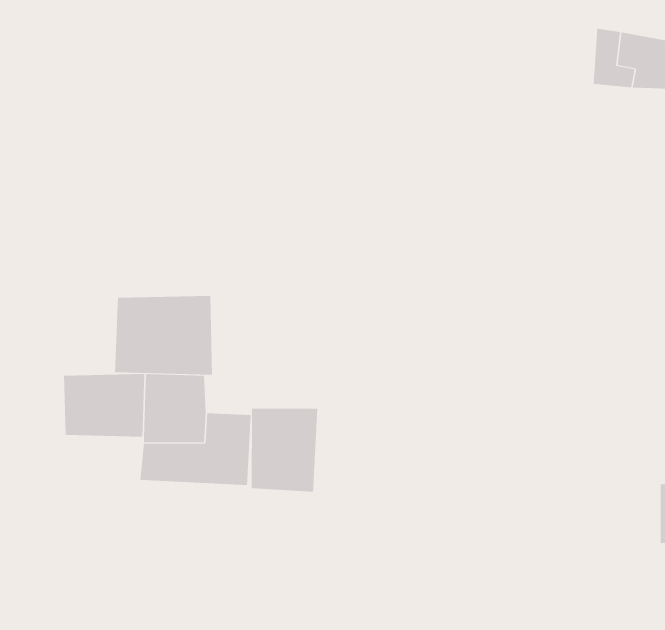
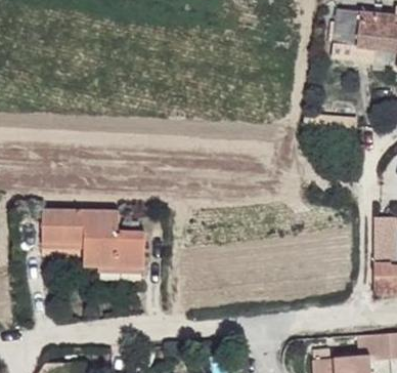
building: [115,295,213,376] -> none
building: [251,408,318,493] -> none

